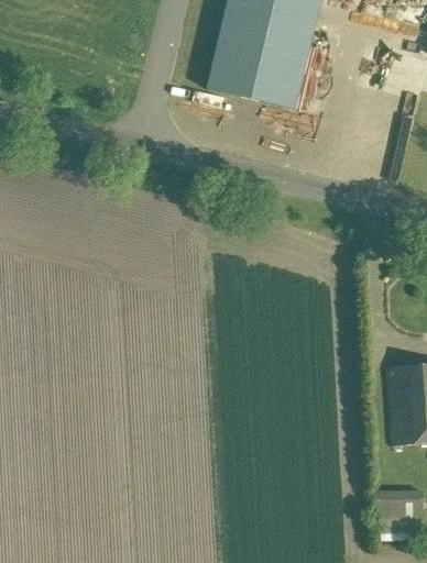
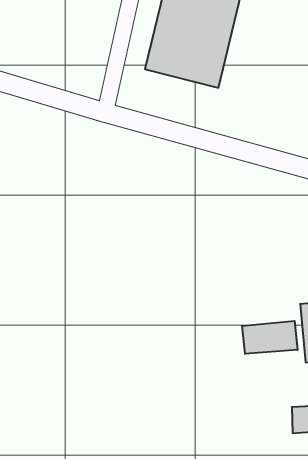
building: none -> [242,321,298,354]

